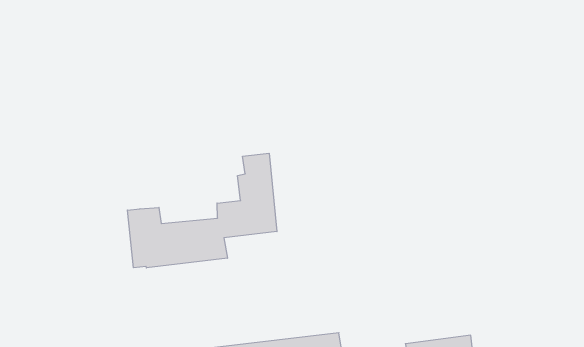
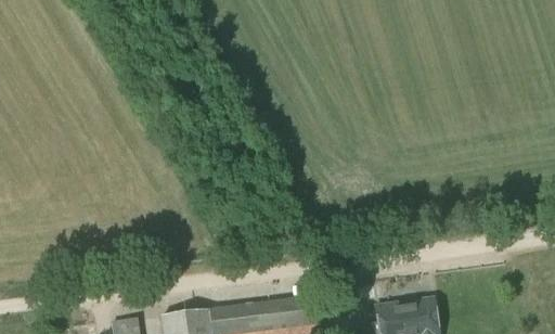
building: [127,153,277,268] -> none

